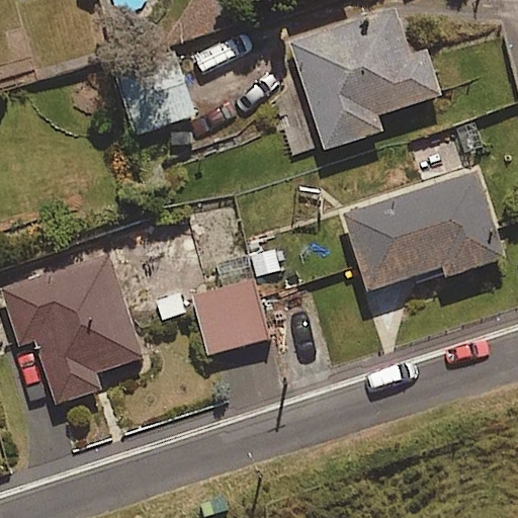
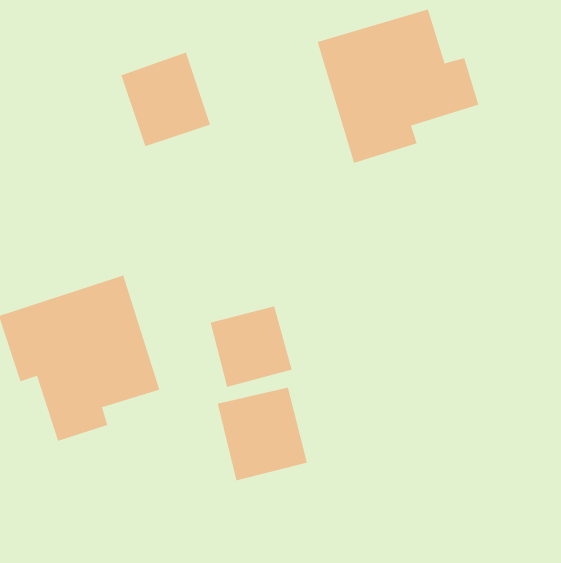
building: [341,169,501,289] -> none
building: none -> [217,387,308,481]

